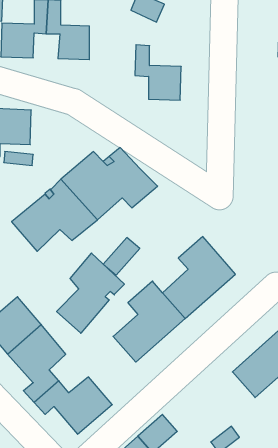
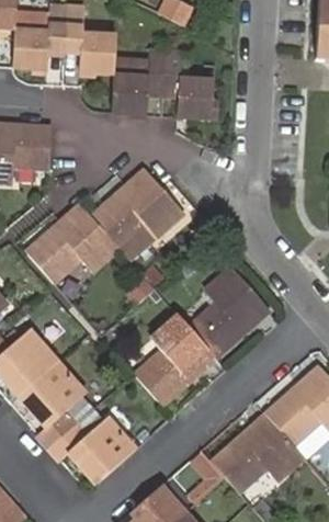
building: none -> [111,52,163,112]
building: [57,253,124,333] -> none
building: none -> [217,416,308,491]

